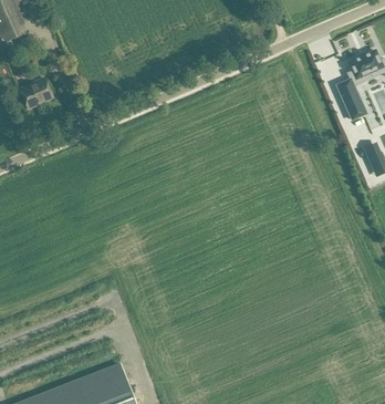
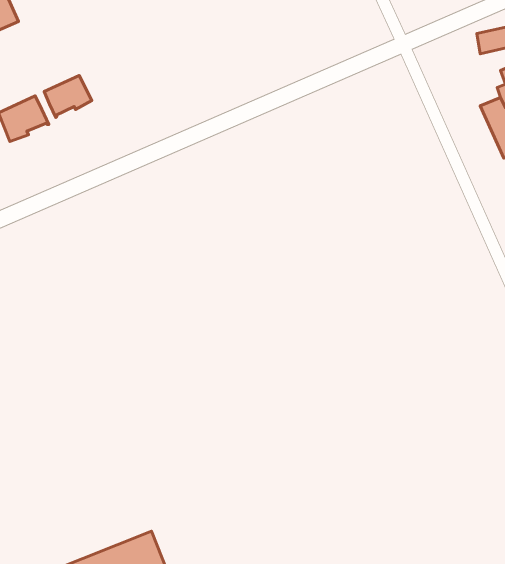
building: none -> [44,76,92,118]

